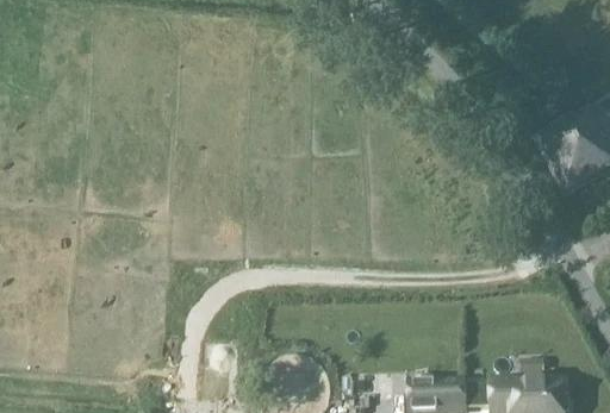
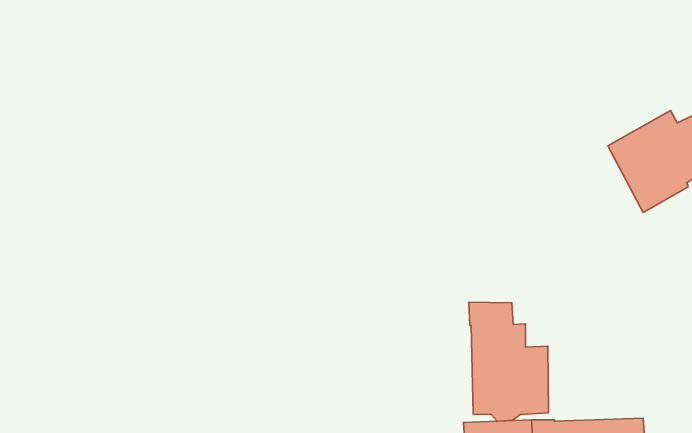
building: none -> [469,302,548,421]

